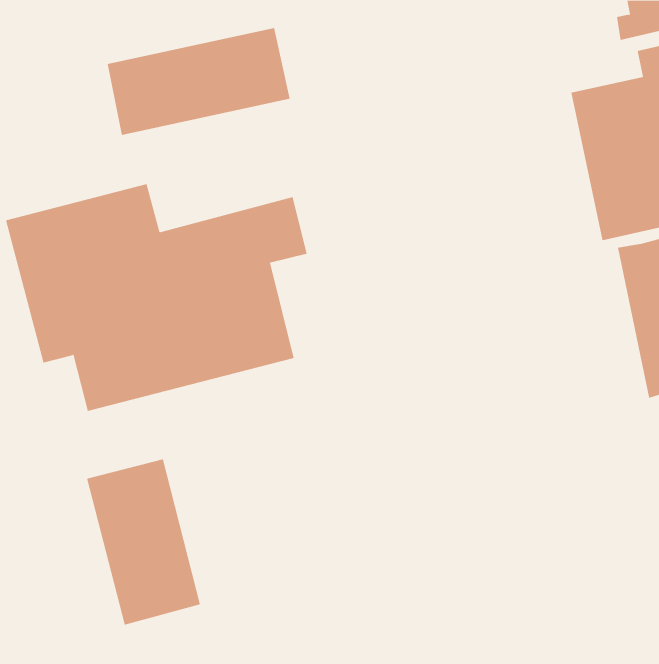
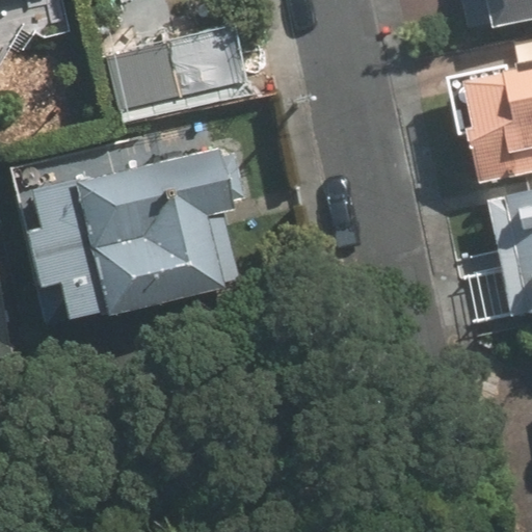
building: [86,458,200,625] -> none

